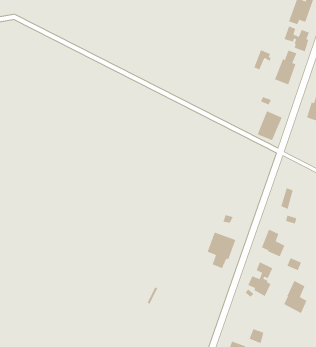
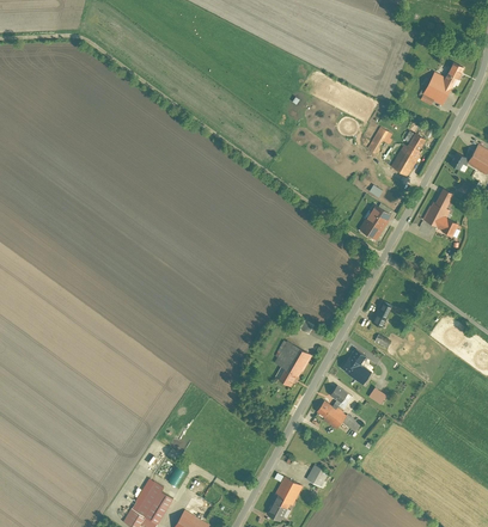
building: [284,25,309,52] -> none
building: [284,280,307,314] -> none

